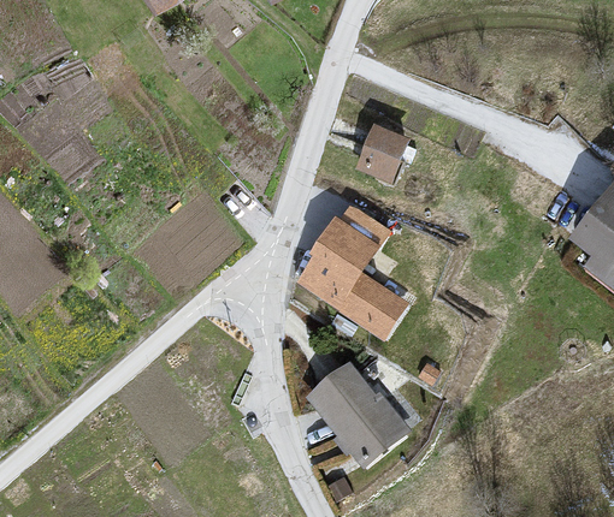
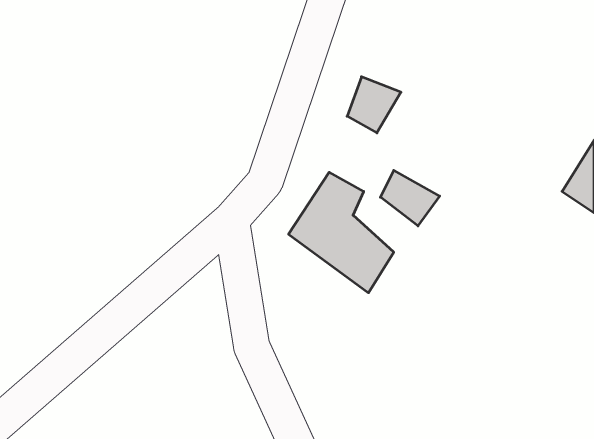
building: none -> [380,170,440,226]
building: [308,362,407,463] -> none

